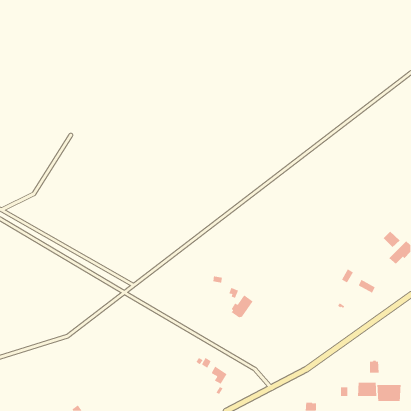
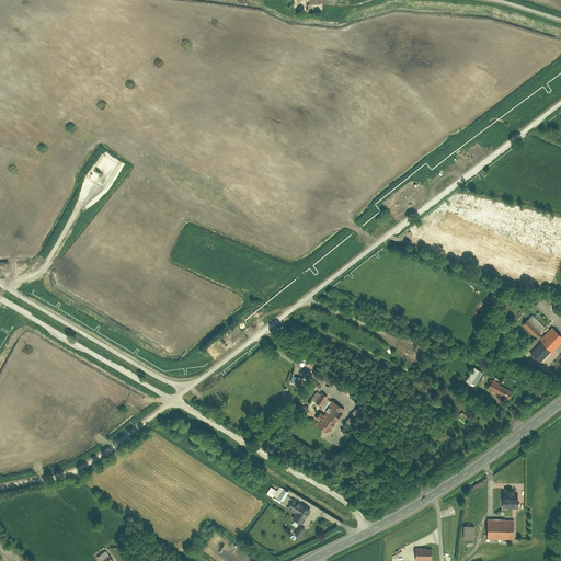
building: [377,384,401,402] -> none

